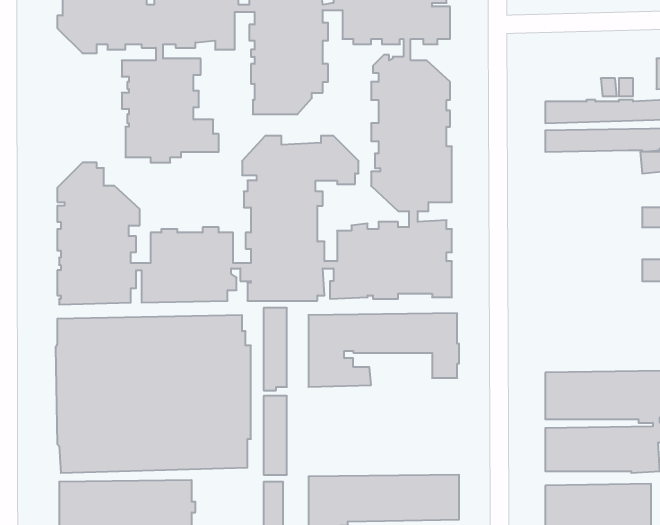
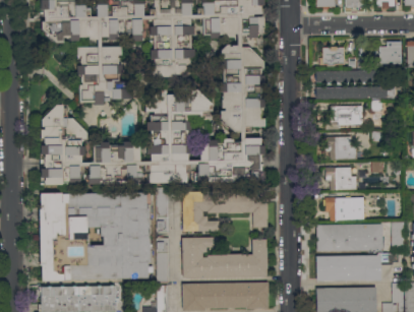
building: none -> [319,46,345,64]
building: none -> [326,105,365,129]
building: none -> [326,135,357,160]
building: none -> [326,166,362,190]
building: none -> [326,196,364,221]
building: none -> [182,237,267,276]

